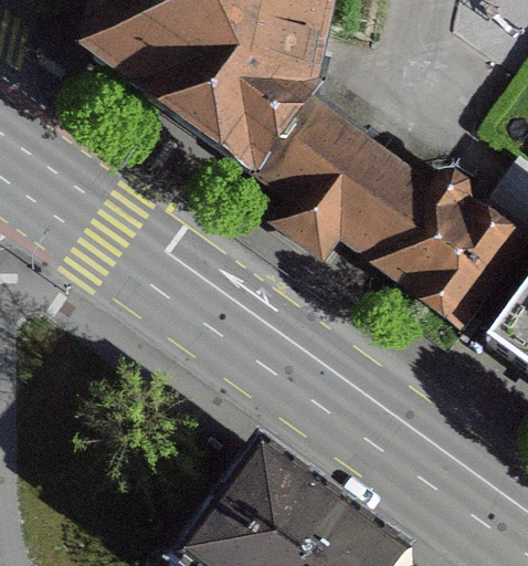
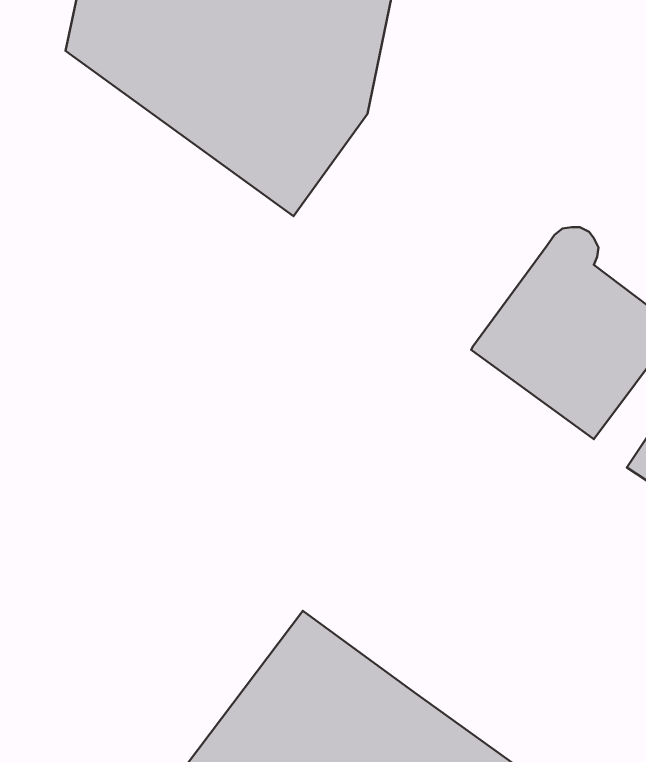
building: [257,99,435,263] -> none

